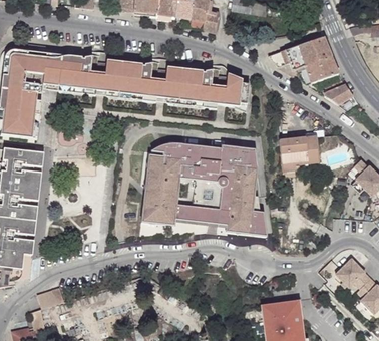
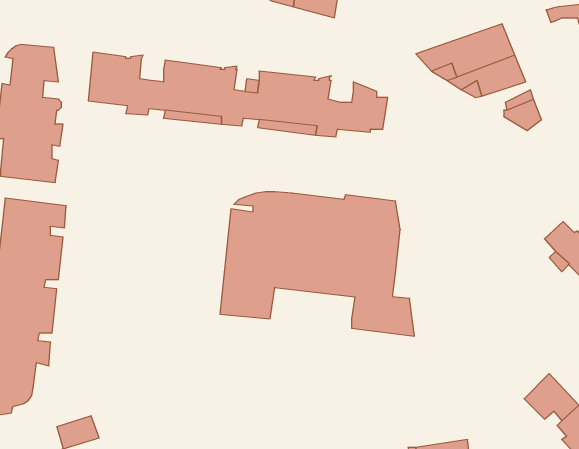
building: [28,51,60,100] -> none
building: [280,136,319,169] -> none
building: [174,205,228,225] -> none

